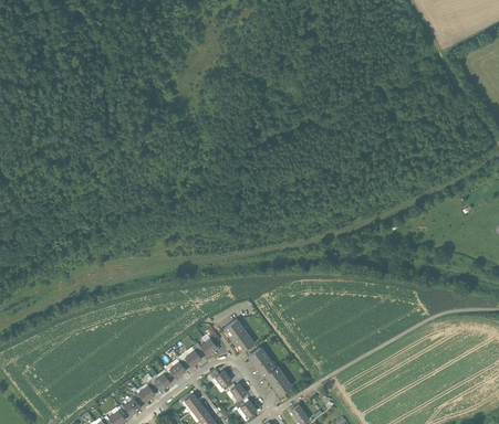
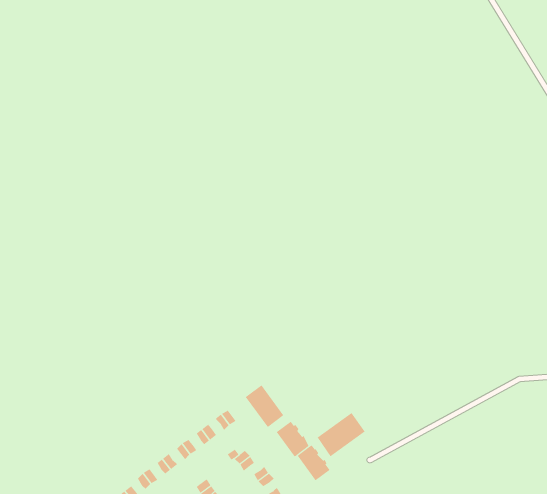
building: none -> [317,412,365,457]

